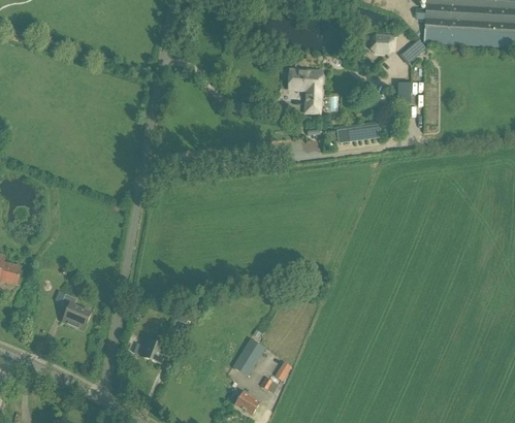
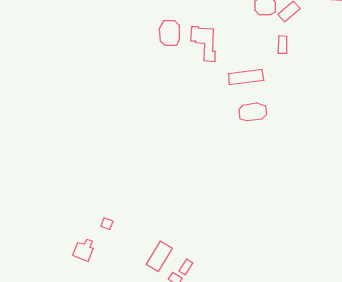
building: none -> [160,20,179,45]
building: none -> [239,103,266,121]
building: [61,295,92,332] -> none

